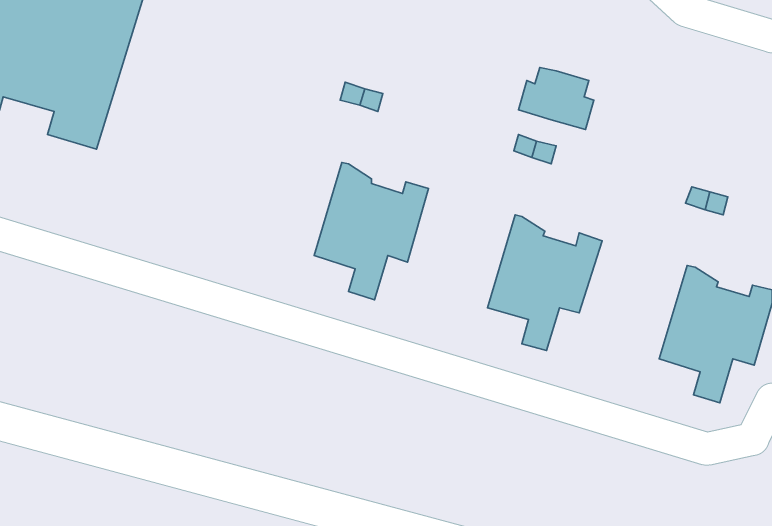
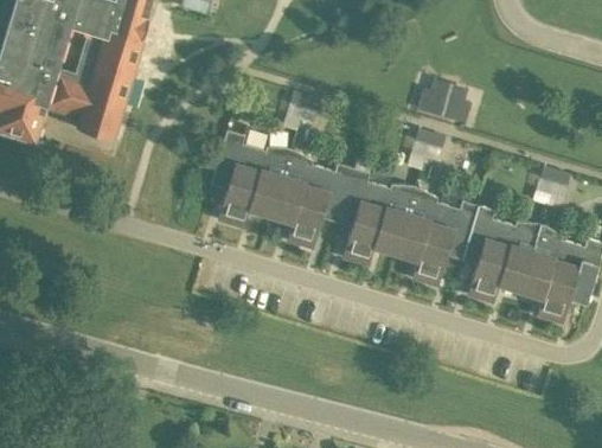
building: none -> [210,132,289,226]
building: none -> [337,169,415,264]
building: none -> [461,207,539,301]

